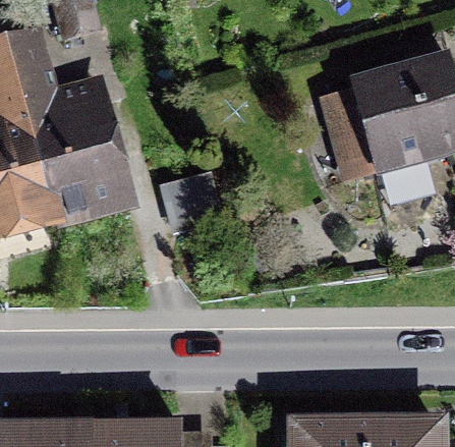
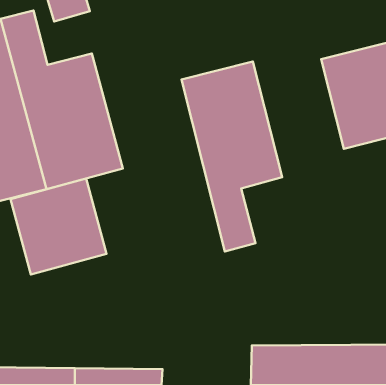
building: none -> [181,61,282,251]
building: none -> [11,179,106,274]

